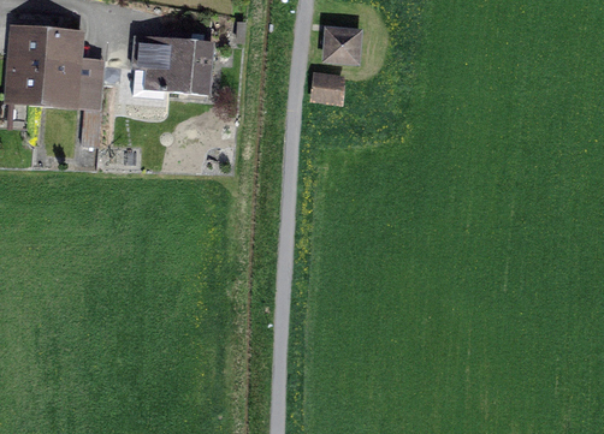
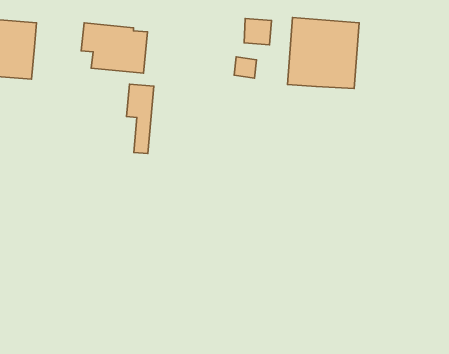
building: none -> [287,18,359,89]
building: [72,63,105,145] -> [127,84,154,154]

